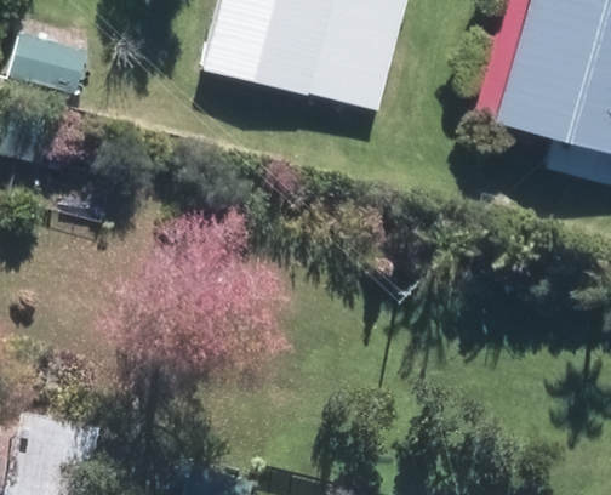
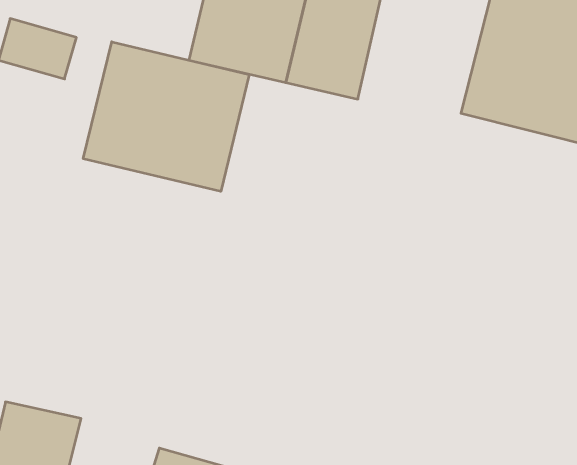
building: none -> [83,42,249,191]

